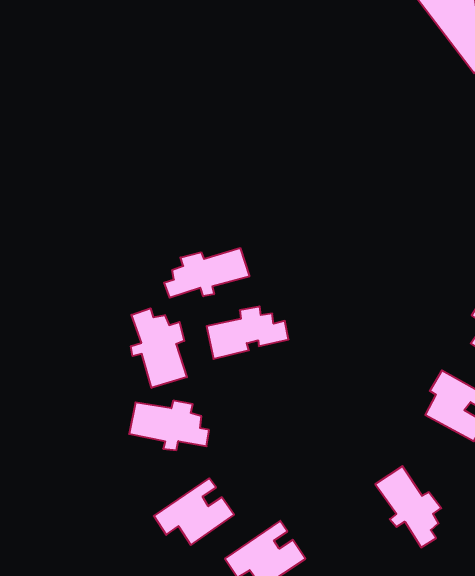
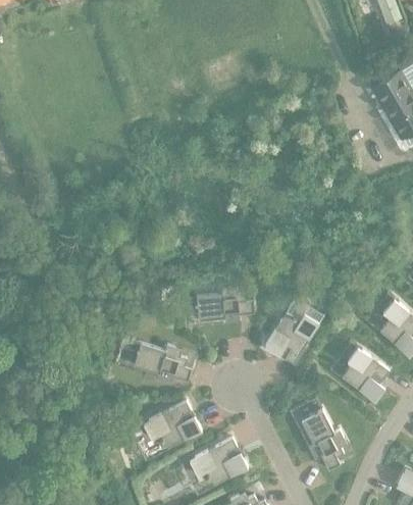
building: [164,248,249,298] -> none
building: [131,308,187,388] -> none
building: none -> [264,313,316,362]

